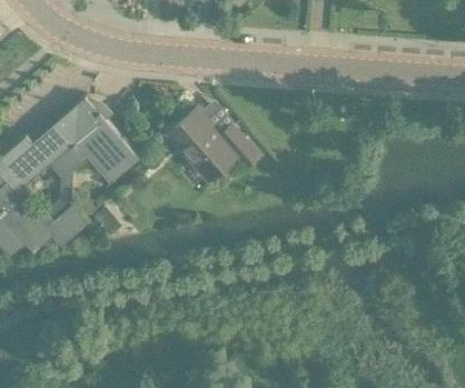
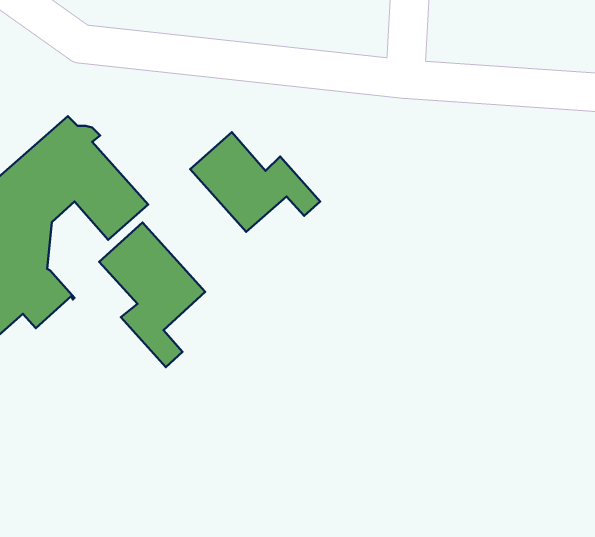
building: none -> [99,222,205,367]

